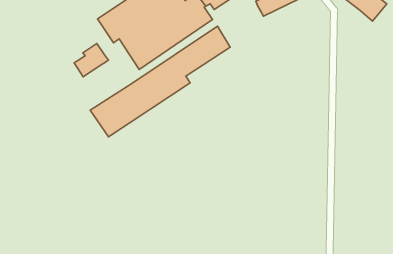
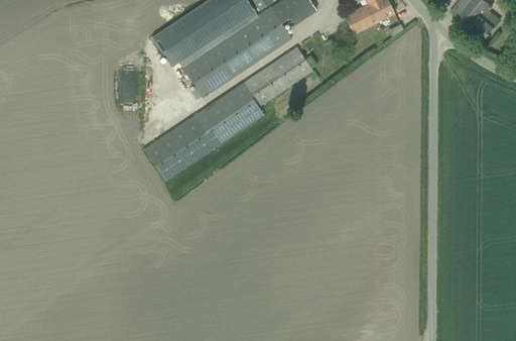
building: [74,43,108,77] -> none

